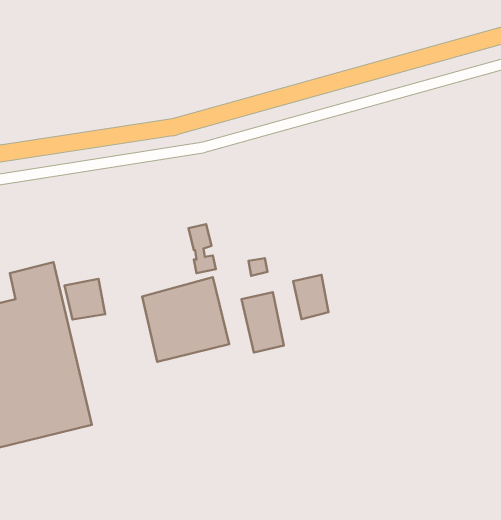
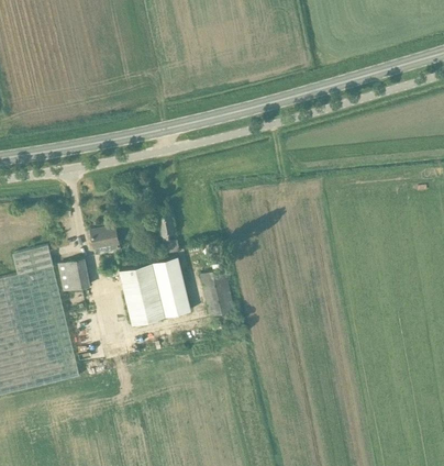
building: none -> [91,226,120,248]
building: [293,275,328,319] -> none

